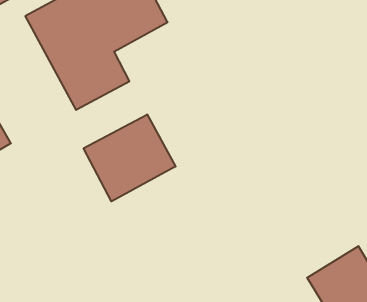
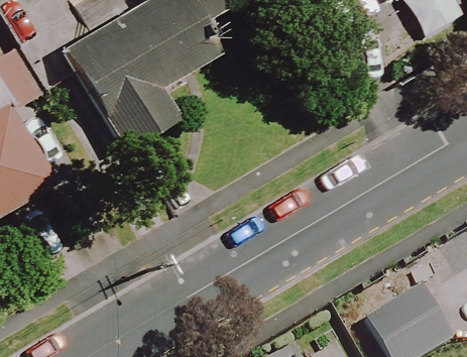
building: [84,114,176,201] -> none

